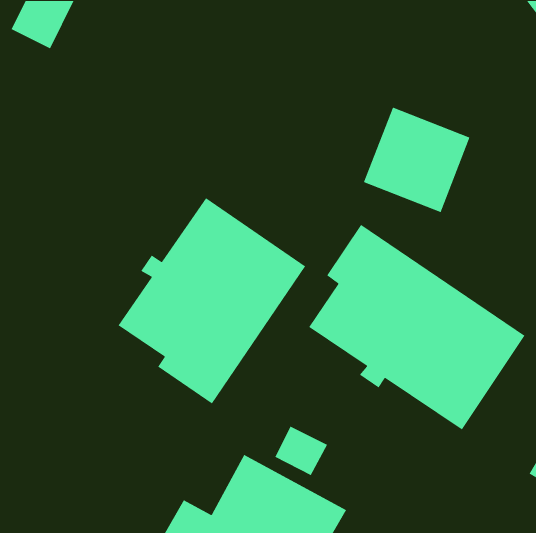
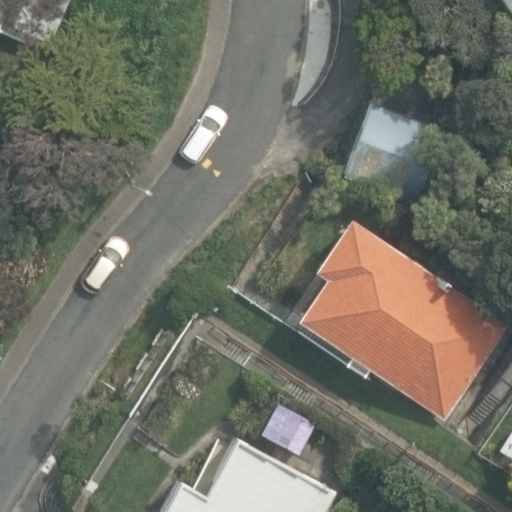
building: [117,197,306,405] -> none

